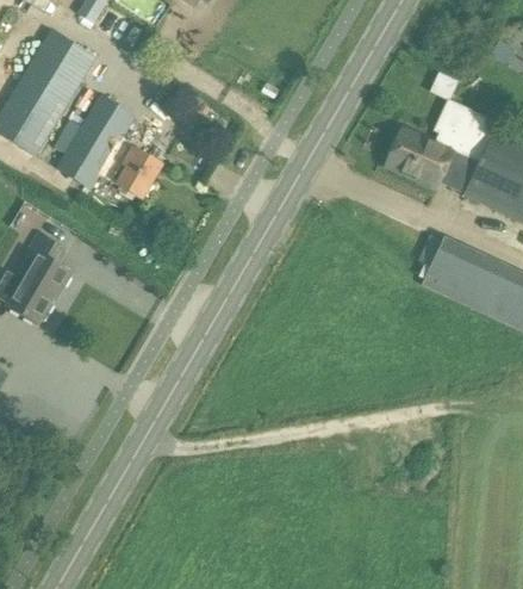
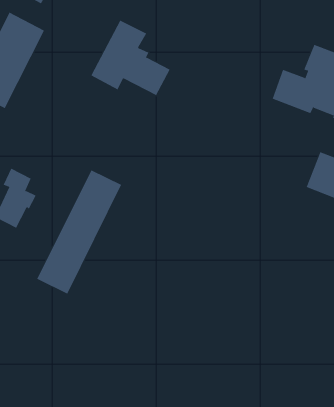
building: [56,97,161,199] -> [91,20,170,96]
building: none -> [36,170,122,295]

